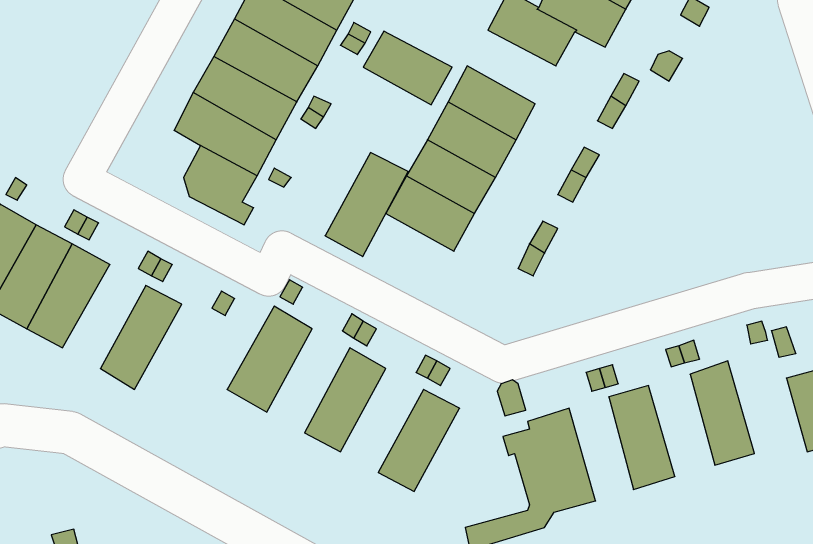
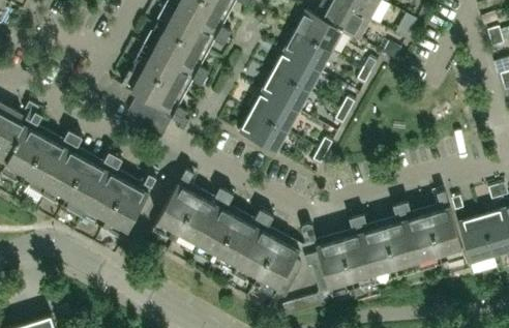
building: [363,31,452,105] -> [283,30,332,70]
building: [325,153,408,257] -> [174,193,219,250]
building: none -> [62,158,108,215]
building: none -> [101,180,148,238]
building: none -> [426,205,465,262]
building: none -> [214,215,260,272]
building: none -> [383,218,419,274]
building: none -> [339,231,375,288]
building: none -> [255,237,301,297]

